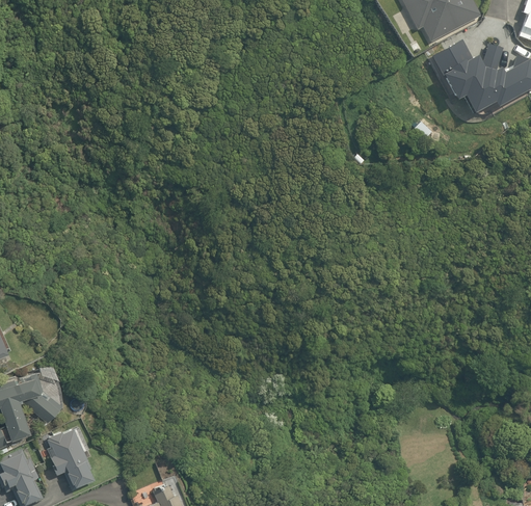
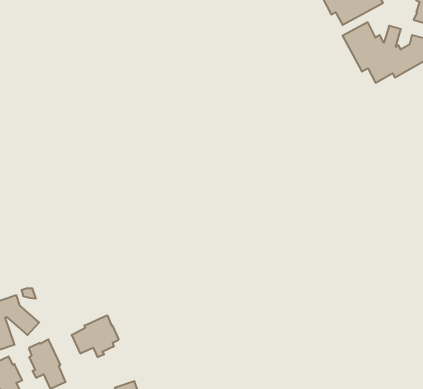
building: none -> [72,315,119,357]

